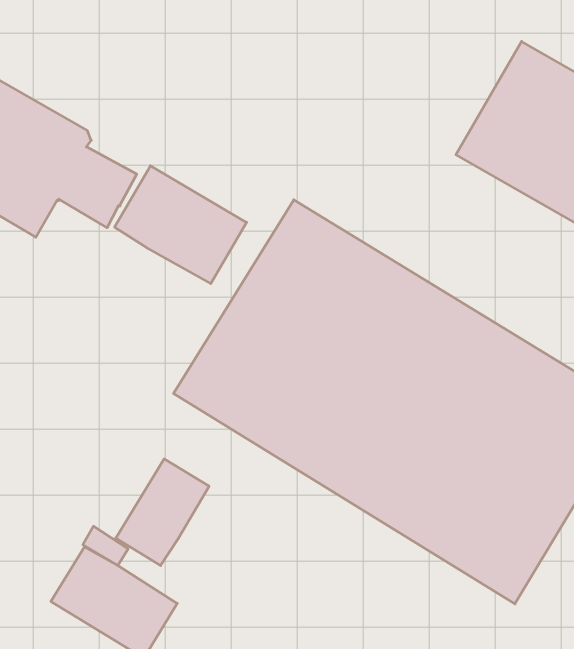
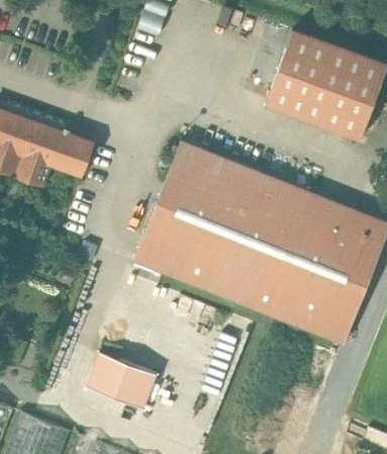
building: [115,166,247,284] -> none
building: [116,459,209,566] -> none

